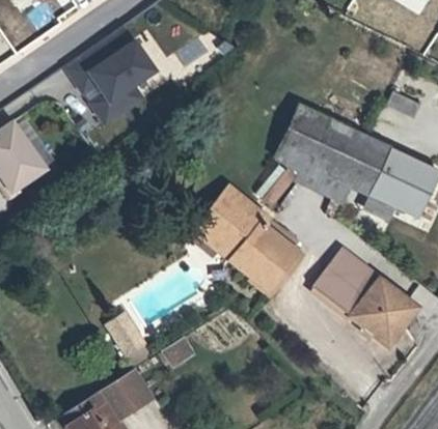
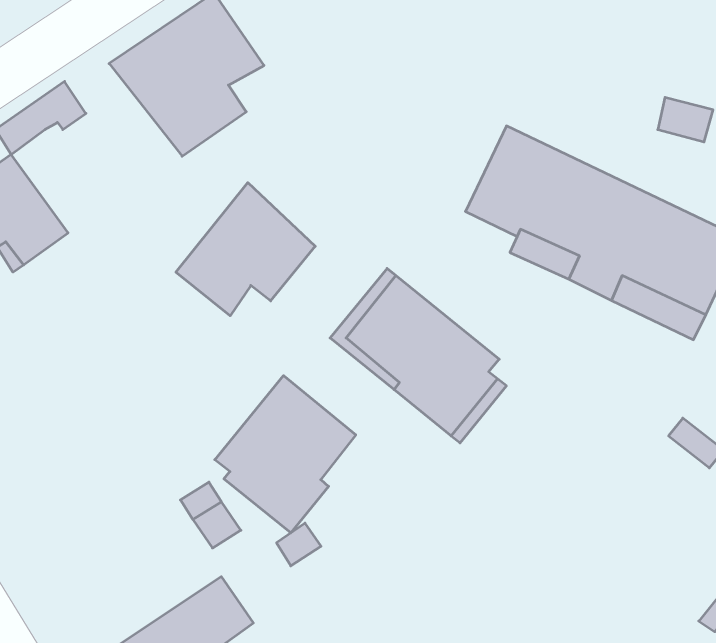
building: none -> [176,183,315,316]
building: none -> [215,376,356,533]
building: [316,253,416,345] -> none

